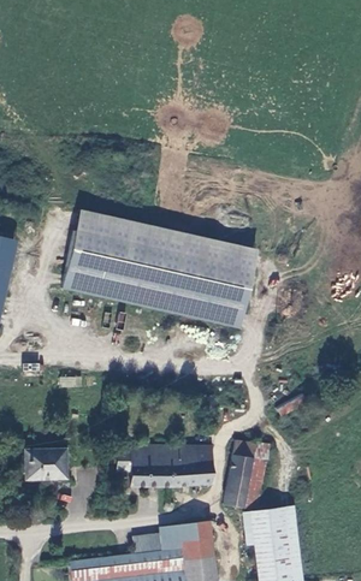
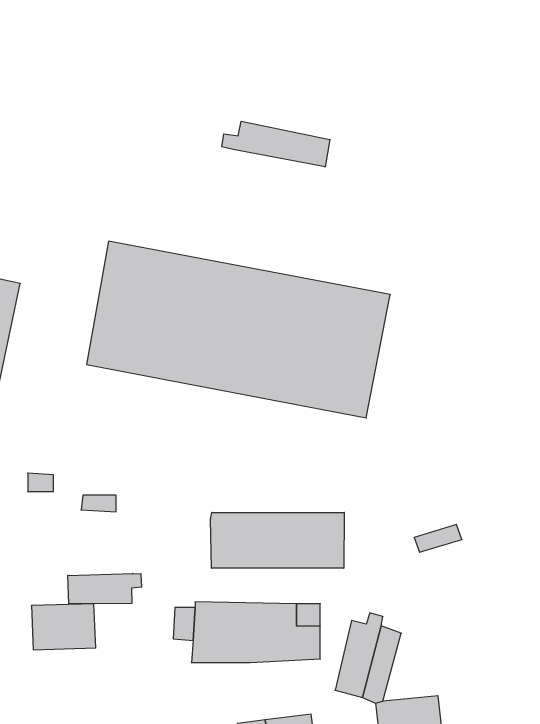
building: none -> [222,121,330,167]
building: none -> [211,512,344,568]
building: none -> [68,573,142,604]

